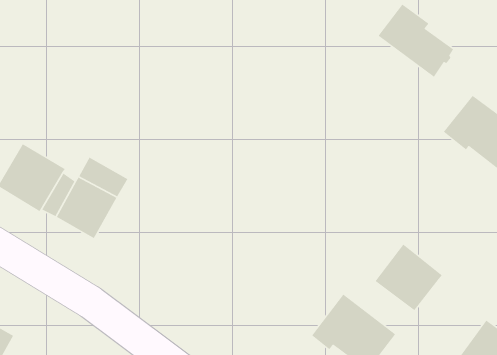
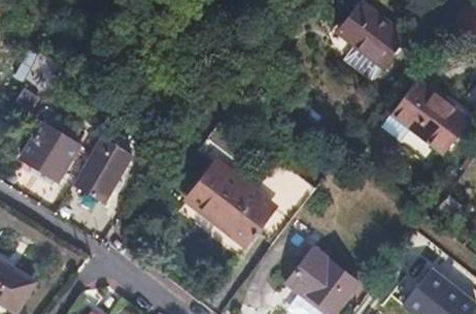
building: none -> [185,162,272,246]
building: [374,243,443,311] -> none

